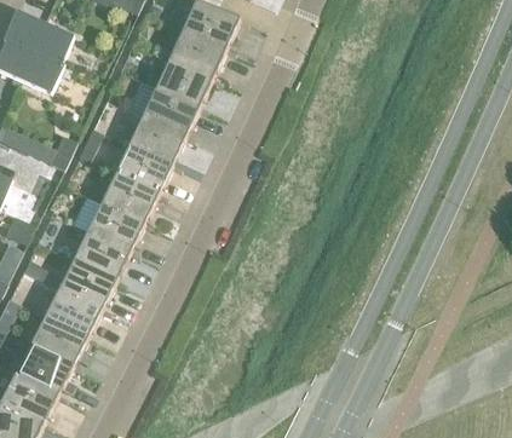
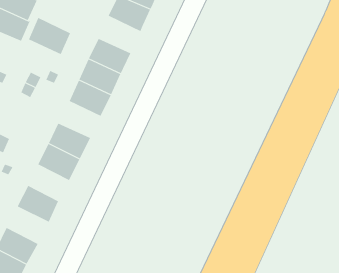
building: [155,57,213,108] -> [28,17,71,55]
building: [100,173,159,223] -> none
building: [59,259,116,309] -> none
building: [30,316,88,367] -> none

